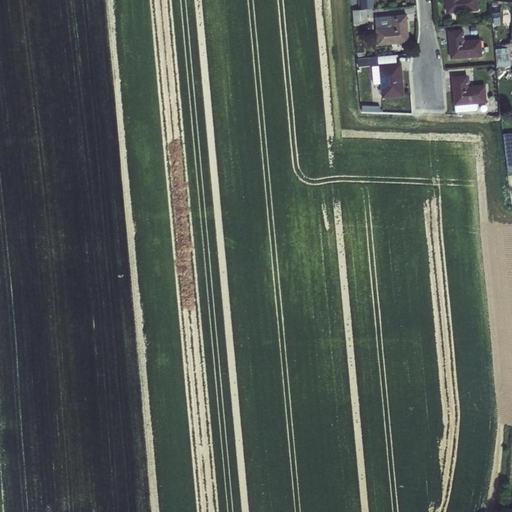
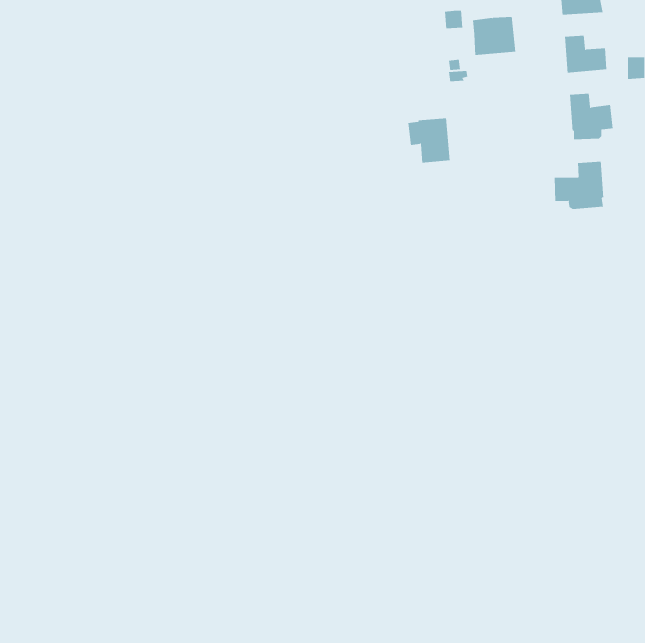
building: [370,61,404,97] -> [408,118,450,163]
building: none -> [554,161,604,210]

